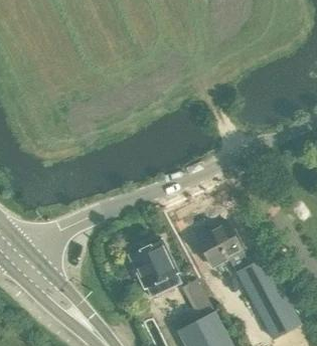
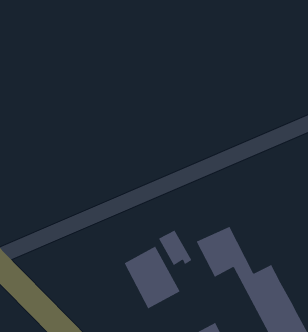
building: [181,280,212,313] -> [158,230,192,266]

